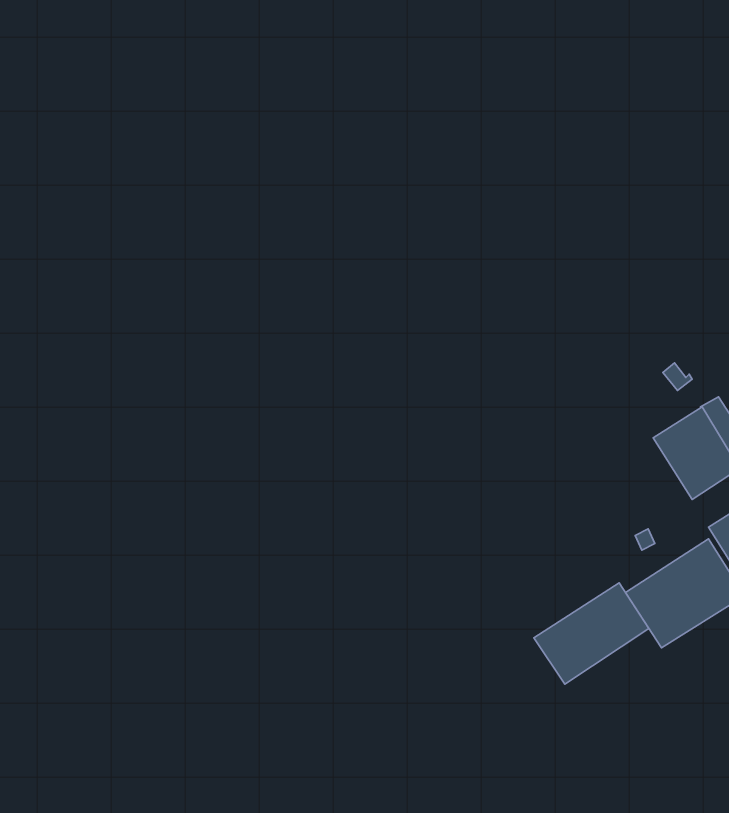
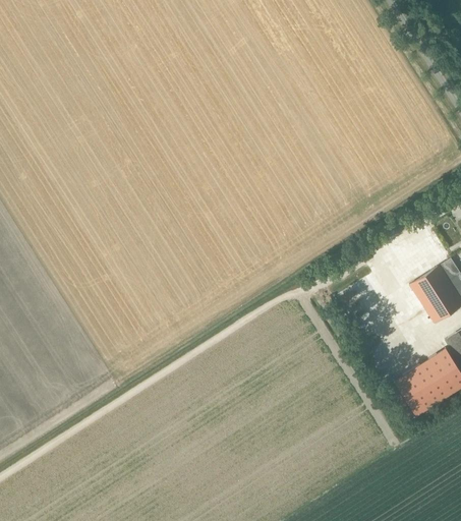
building: [534,583,649,684] -> none

